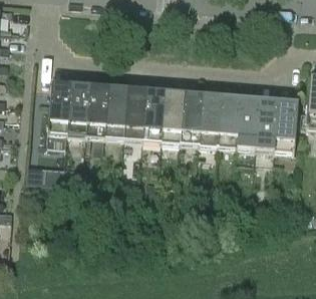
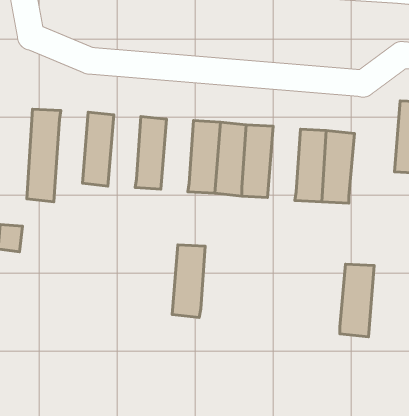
building: [65,82,88,133] -> none
building: [102,85,125,136] -> none
building: [139,88,163,139] -> [172,245,205,317]
building: [215,93,238,145] -> none
building: [272,98,296,150] -> [340,264,374,337]

